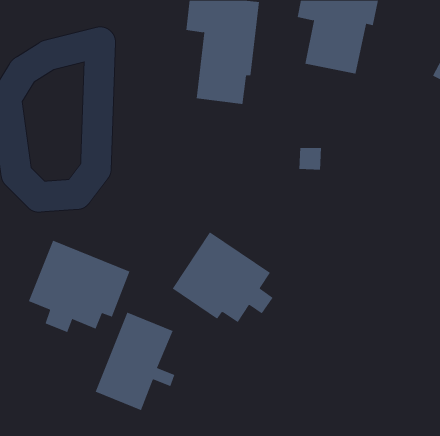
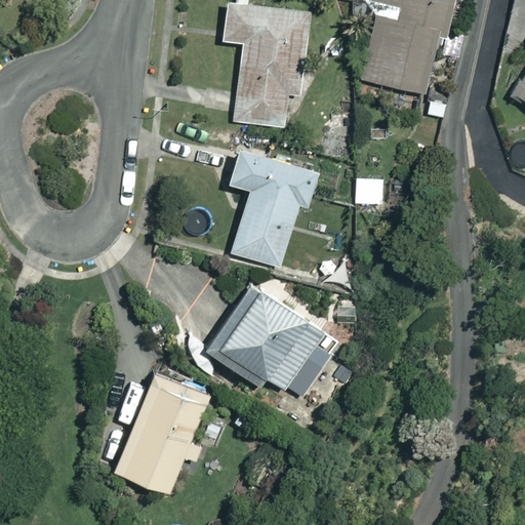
building: none -> [229,149,316,269]
building: [28,240,130,333] -> none

